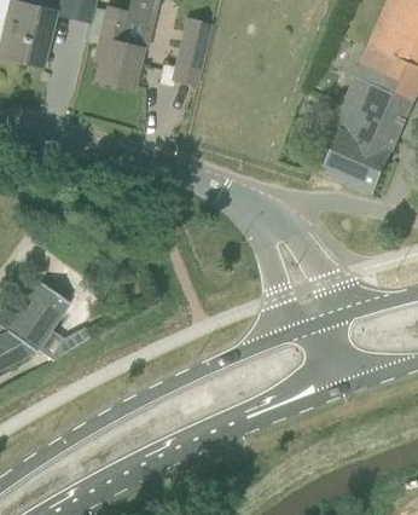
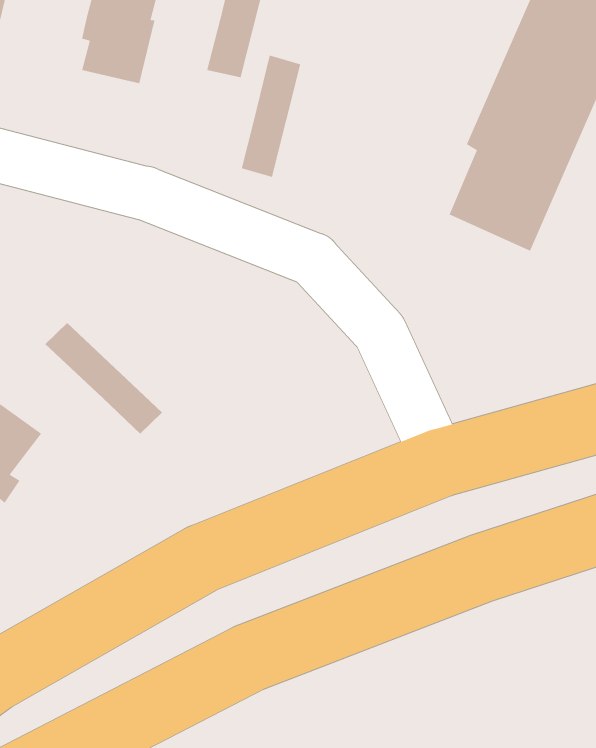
building: none -> [241,55,301,178]
building: none -> [45,322,163,435]

